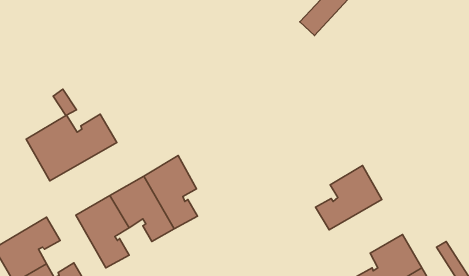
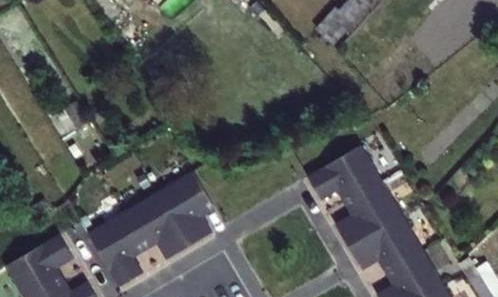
building: [26,114,117,181] -> none
building: none -> [308,144,383,200]
building: none -> [349,215,424,270]

